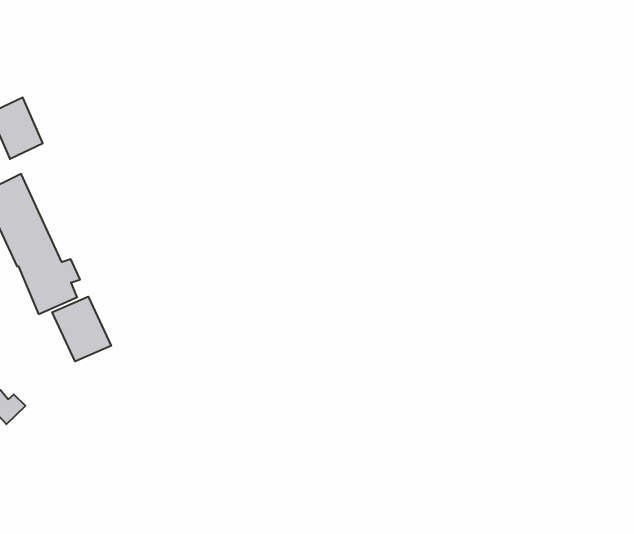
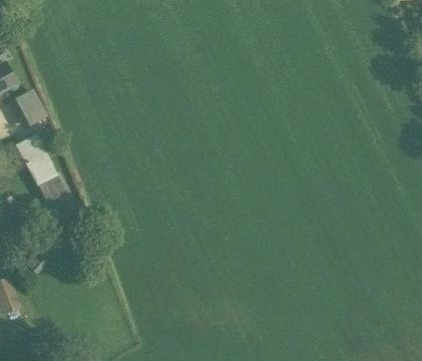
building: [52,297,111,361] -> none

